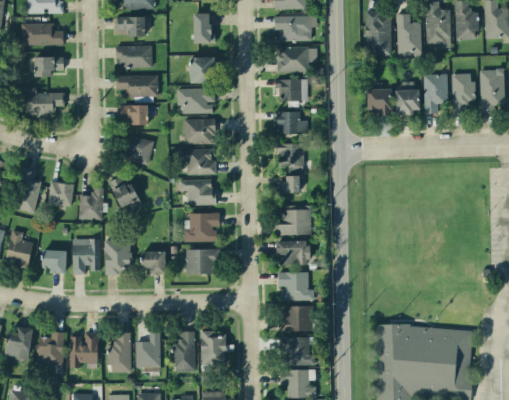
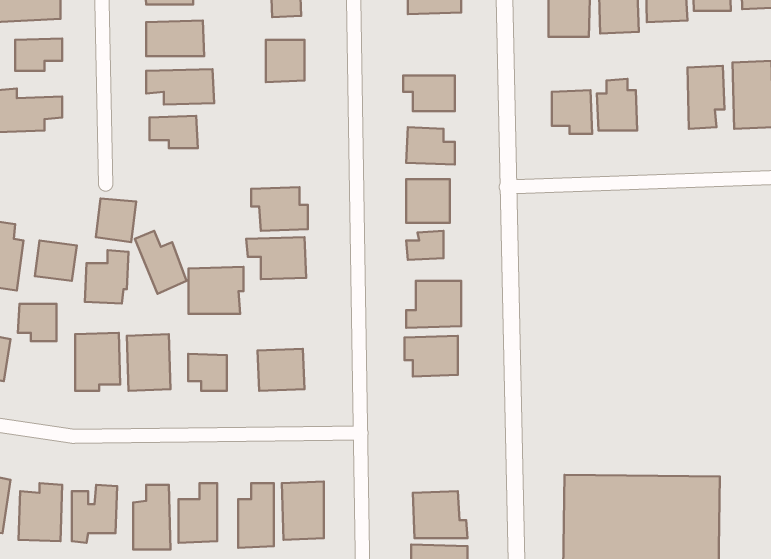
building: [276,47,317,72] -> none
building: [423,74,447,113] -> none
building: [177,88,215,113] -> none
building: [183,118,215,144] -> none
building: [127,137,152,164] -> [96,198,136,242]
building: [185,212,219,241] -> [188,267,243,314]
building: [42,250,66,273] -> [18,304,57,341]
building: [278,272,313,300] -> none
building: [281,305,313,331] -> none

